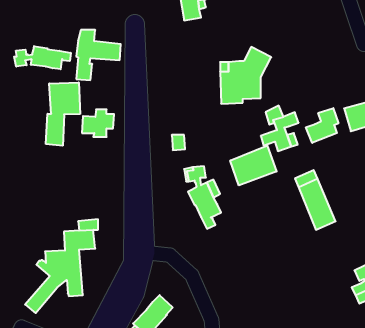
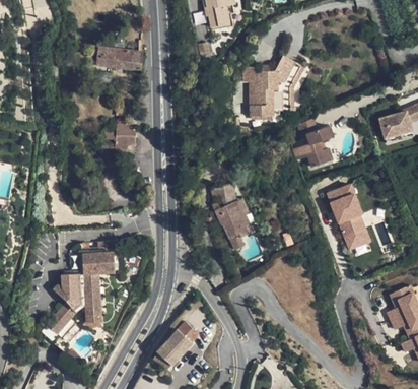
building: [14,46,71,69] -> none
building: [46,82,80,146] -> none
building: [306,108,338,143] -> none
building: [230,146,277,185] -> none

